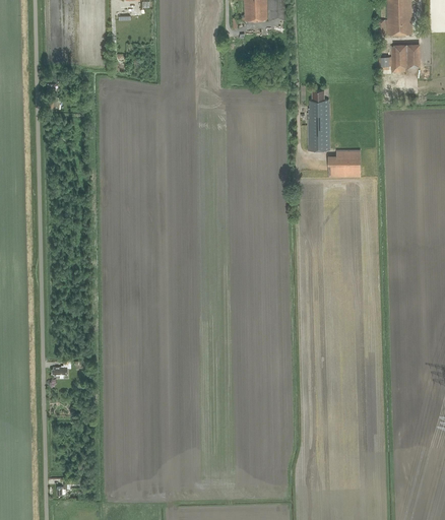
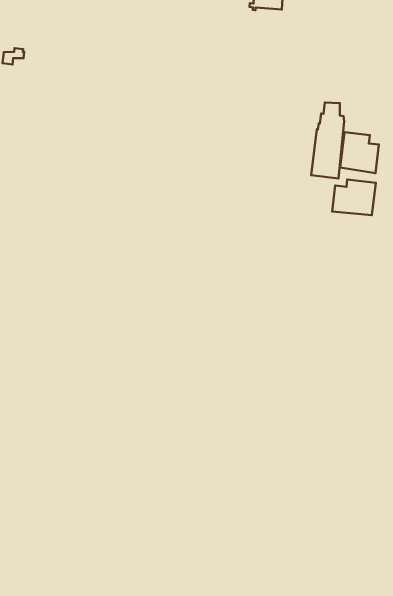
building: none -> [340,132,379,173]

